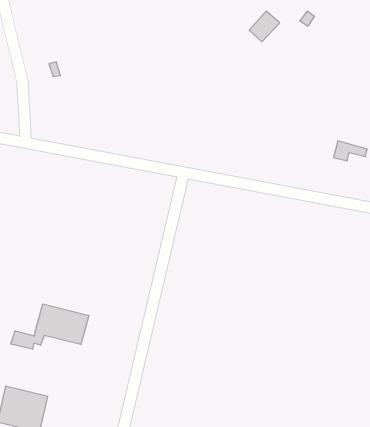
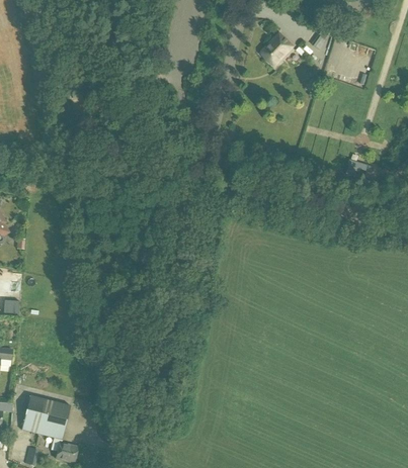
building: [11,304,89,349] -> none

